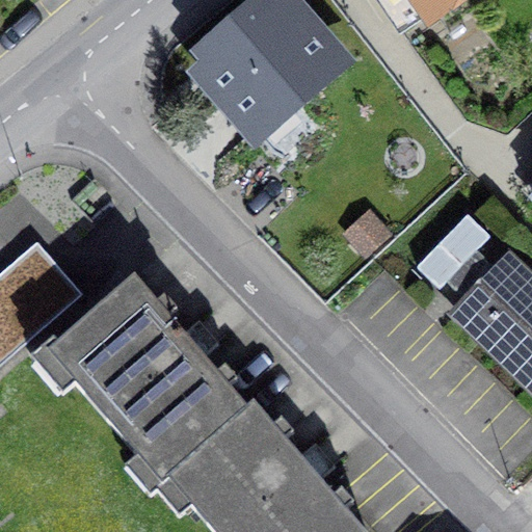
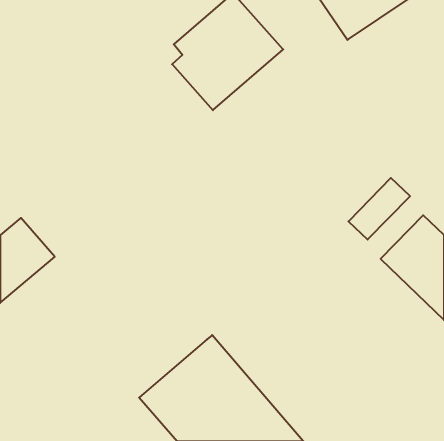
building: [47,275,247,481] -> none

